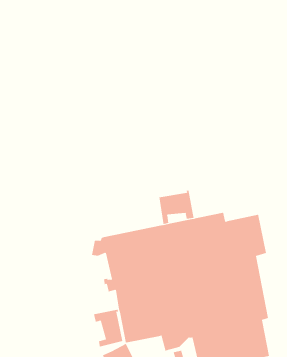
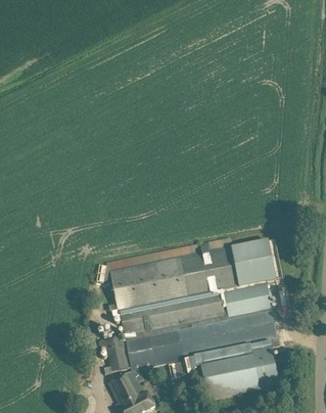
building: [159,190,194,225] -> none

